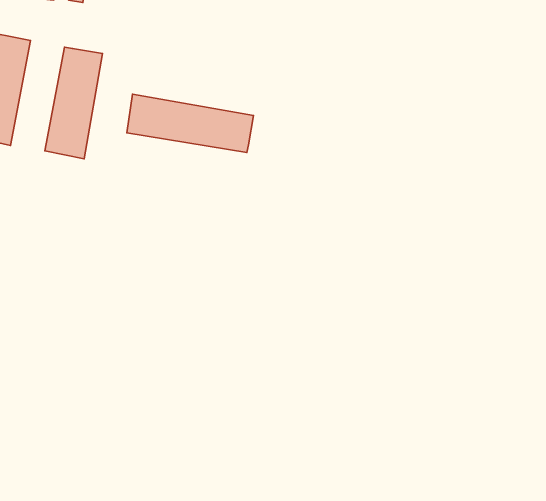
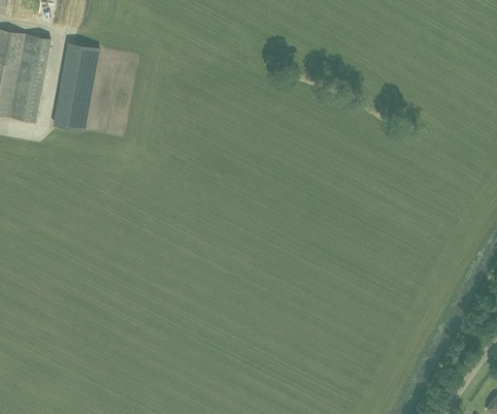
building: [127,94,254,153] -> none

